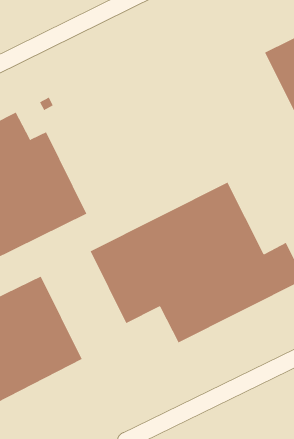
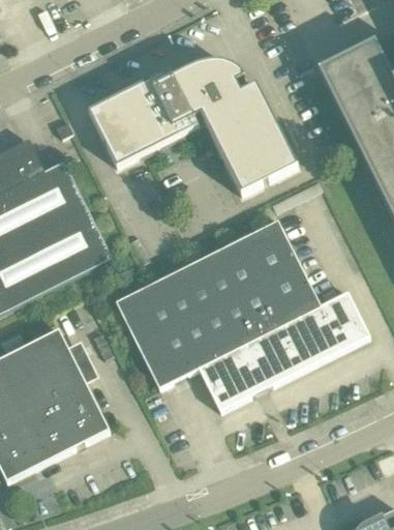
building: none -> [88,60,298,193]

